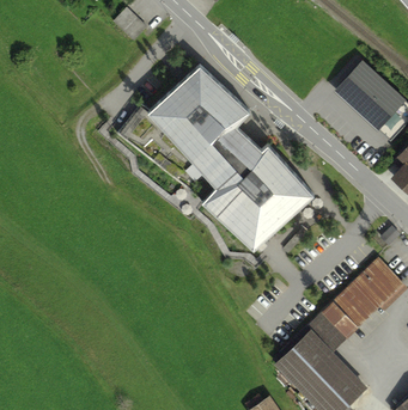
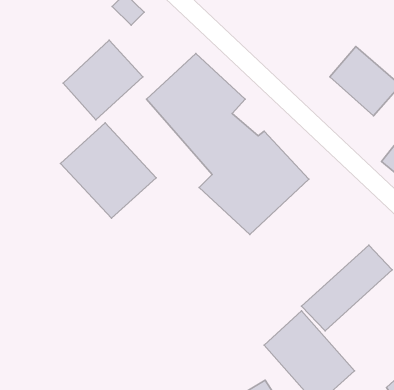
building: none -> [63,40,143,120]
building: none -> [61,123,156,218]

